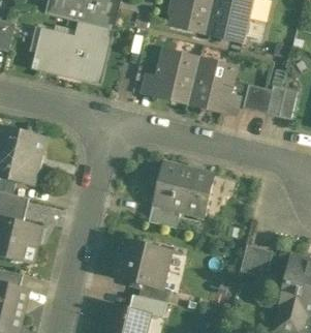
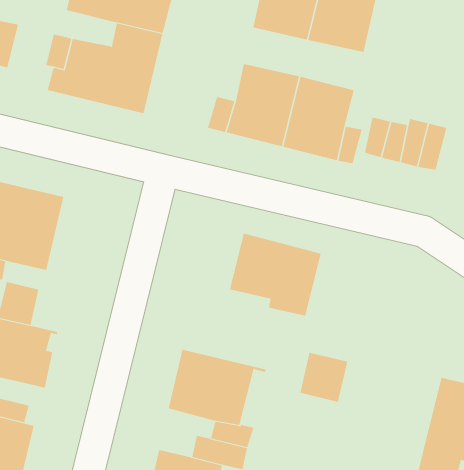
building: [148,198,180,228] -> none
building: [240,244,272,277] -> [299,352,348,402]

